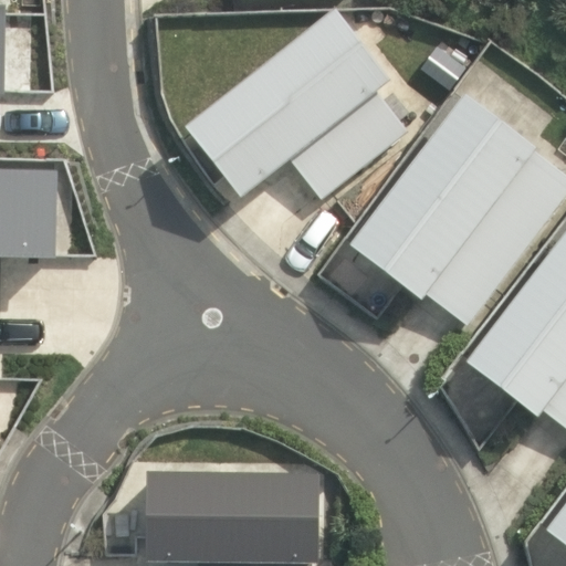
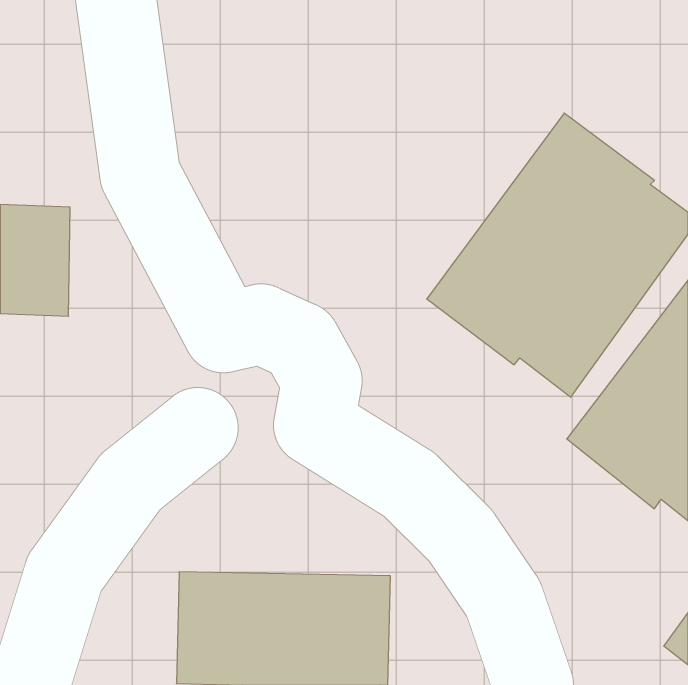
building: [186,8,407,200] -> none

